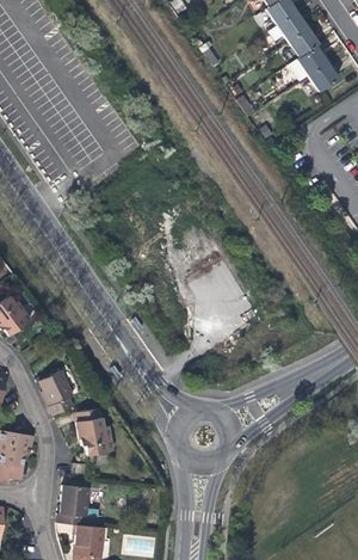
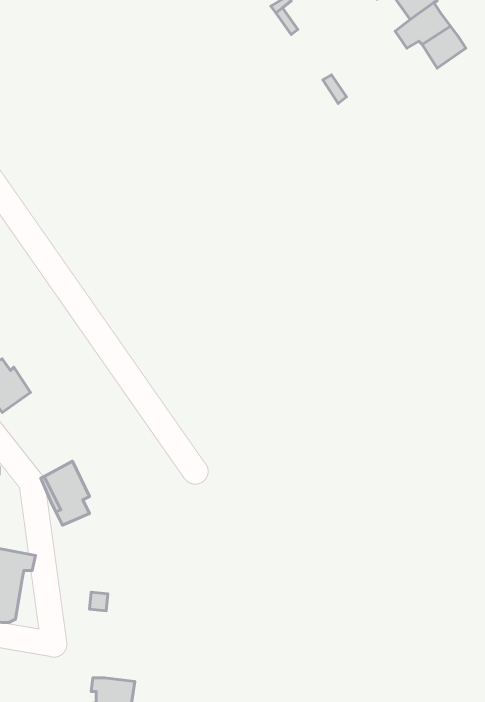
building: [73,407,109,454] -> none
building: [56,484,88,523] -> none

